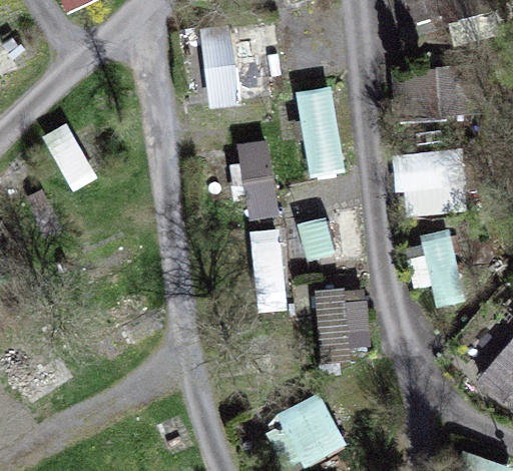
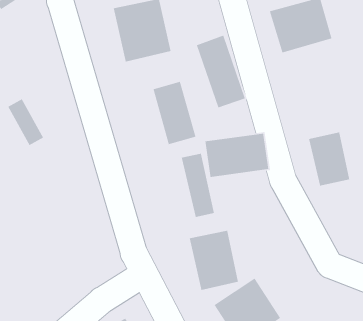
building: [399,151,461,211] -> none
building: [316,291,368,360] -> [189,230,239,291]

